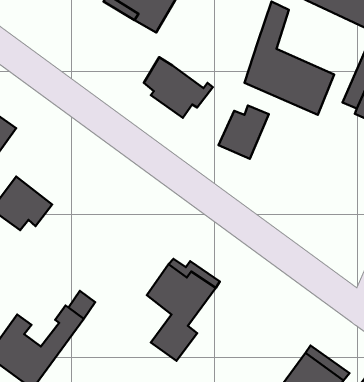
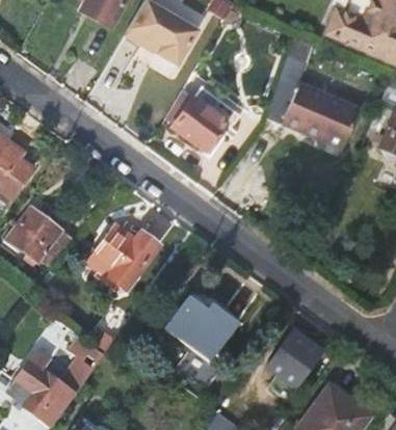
building: [219,105,269,159] -> none
building: none -> [88,224,158,289]
building: none -> [266,331,320,398]

